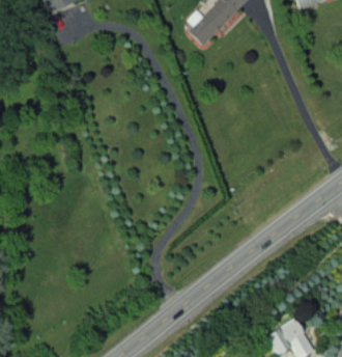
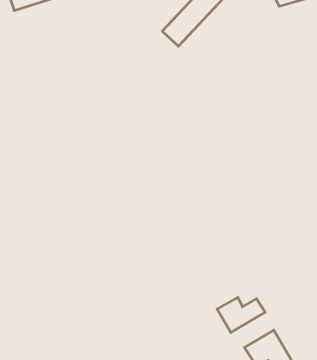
building: none -> [217,297,265,333]

